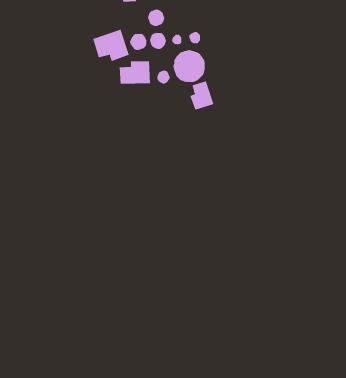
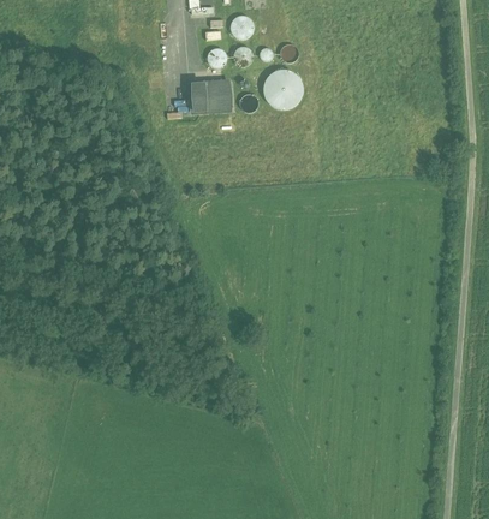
building: [92,29,129,62] -> none
building: [189,80,214,111] -> none

